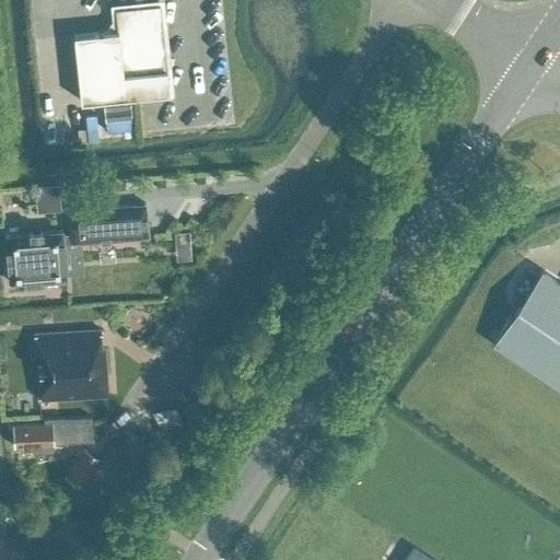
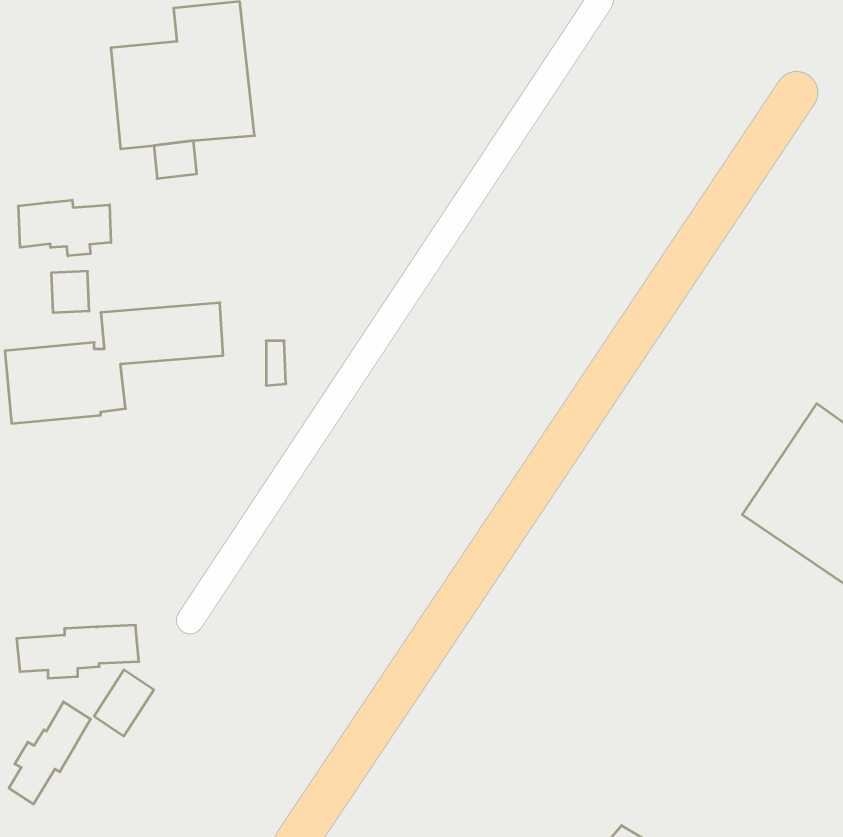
building: none -> [18,200,111,256]
building: [35,331,107,402] -> none
building: none -> [9,702,91,804]

